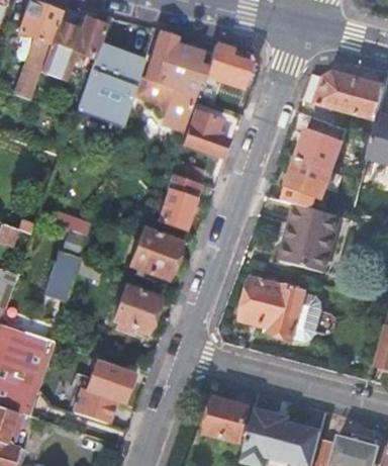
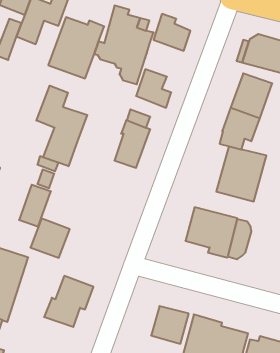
building: none -> [36,86,87,166]
building: [129,229,179,280] -> none
building: [112,286,160,334] -> [30,218,70,258]

